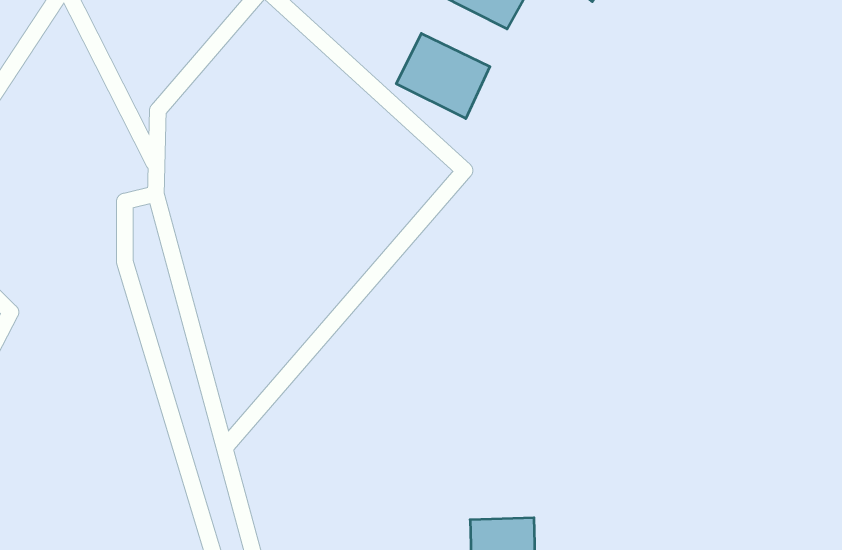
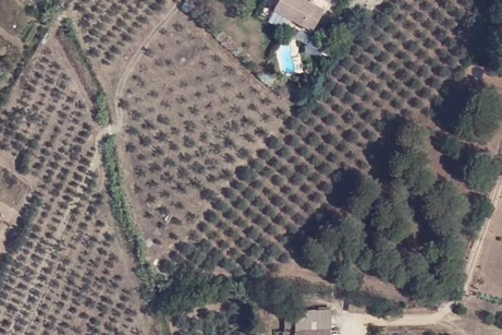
building: [396,33,490,119] -> none

